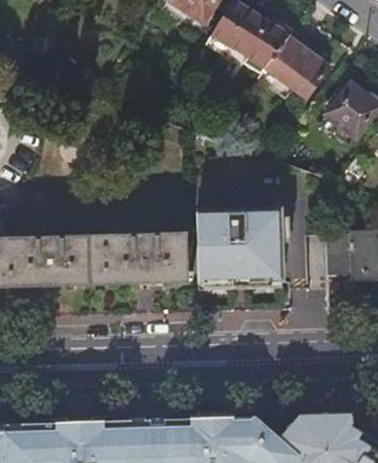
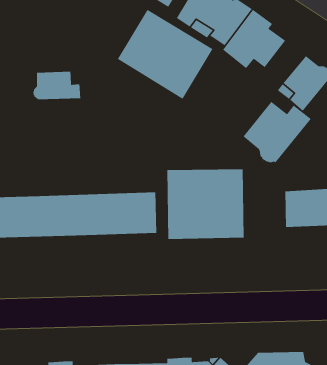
building: none -> [117,9,214,100]
building: none -> [32,71,81,100]
building: none -> [243,101,312,163]

